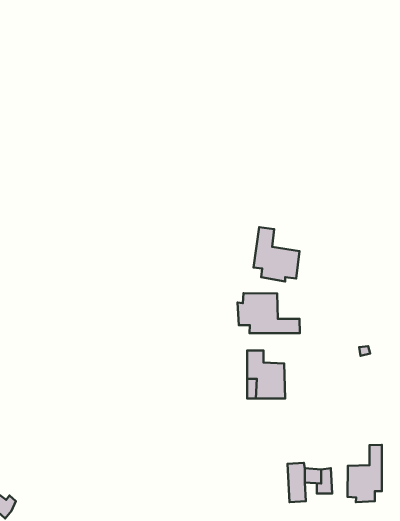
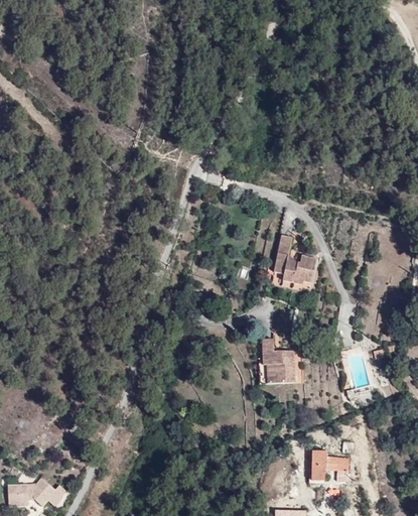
building: [238,293,300,333] -> none
building: [348,445,382,502] -> none

